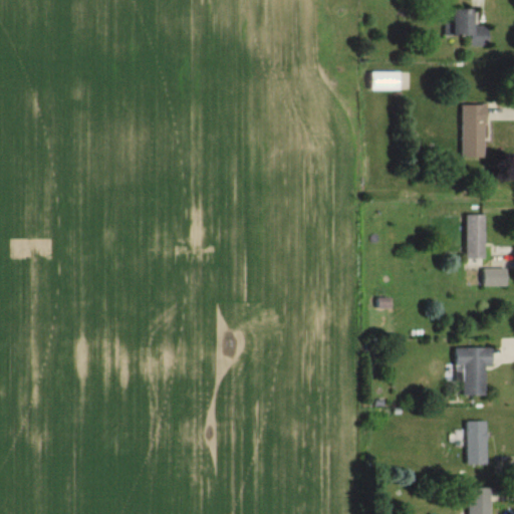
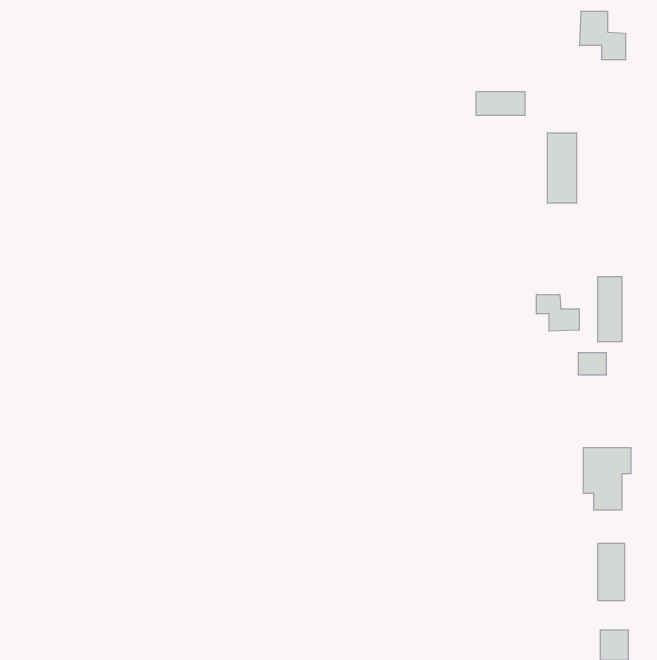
building: [463,104,486,159] -> [547,133,577,203]
building: none -> [537,294,579,331]
building: [486,269,508,286] -> [578,353,607,375]

